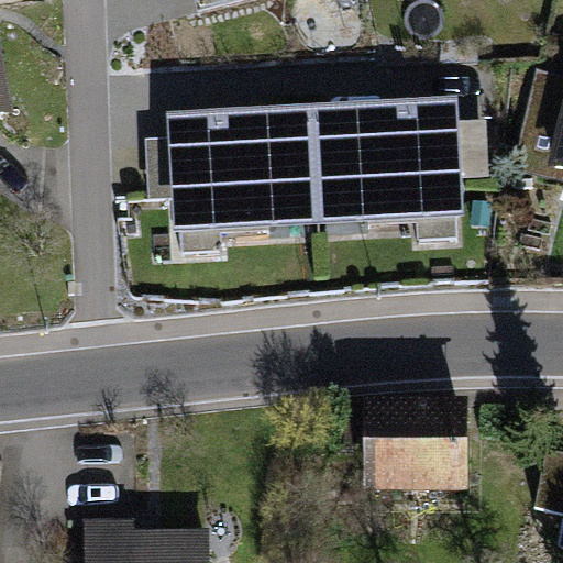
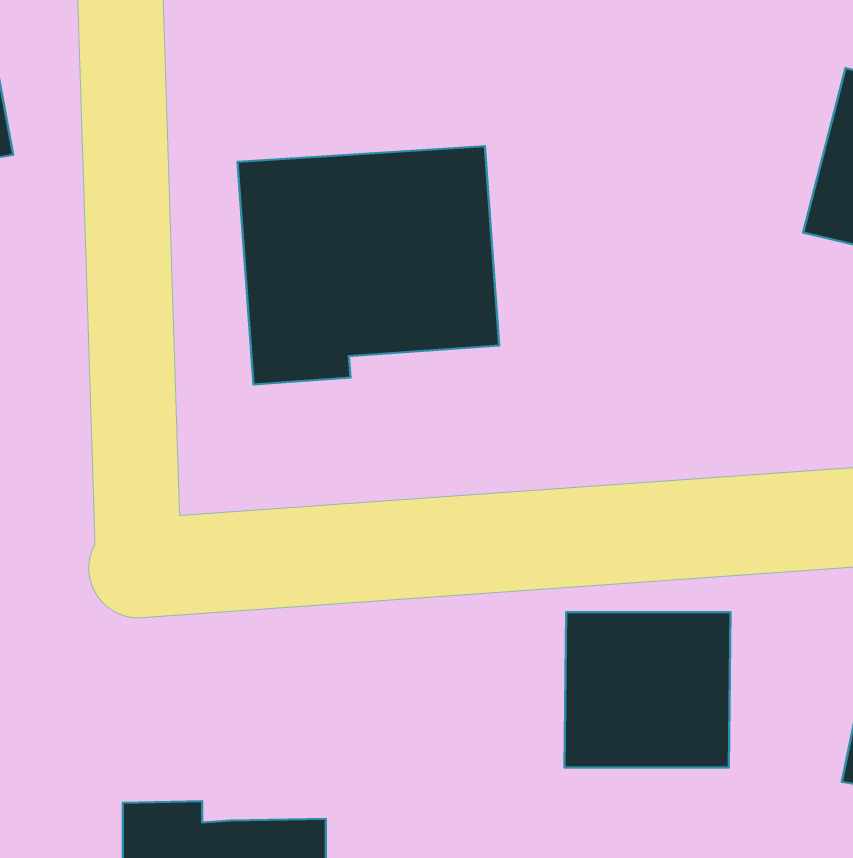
building: [314,96,467,241] -> none

